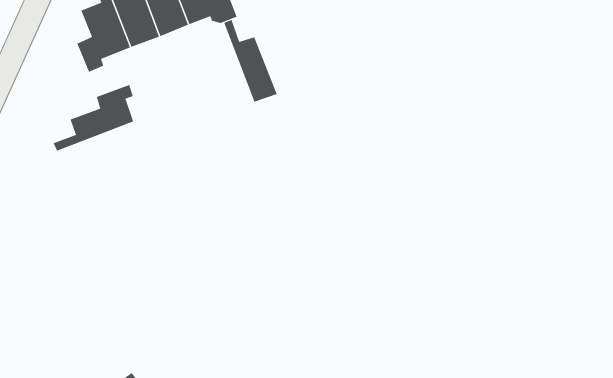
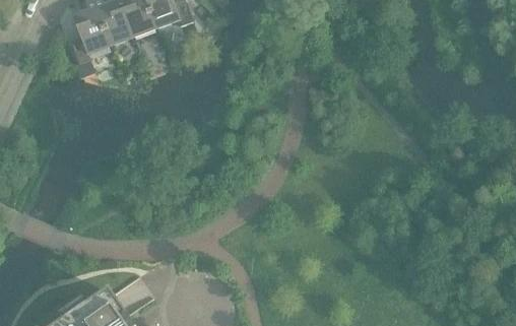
building: [223,19,278,103] -> none
building: [53,84,134,151] -> none

